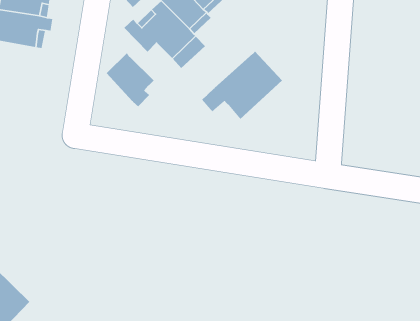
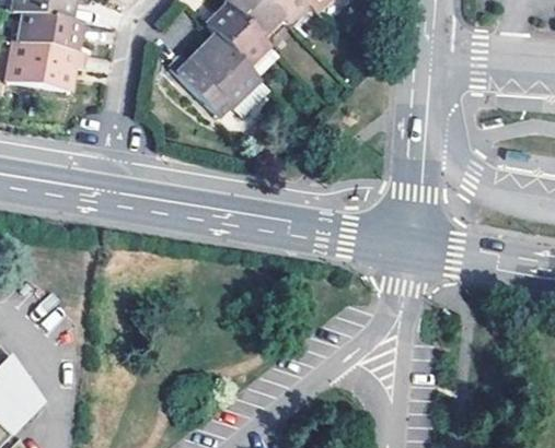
building: [201,50,283,120] -> none
building: [106,52,155,107] -> none

